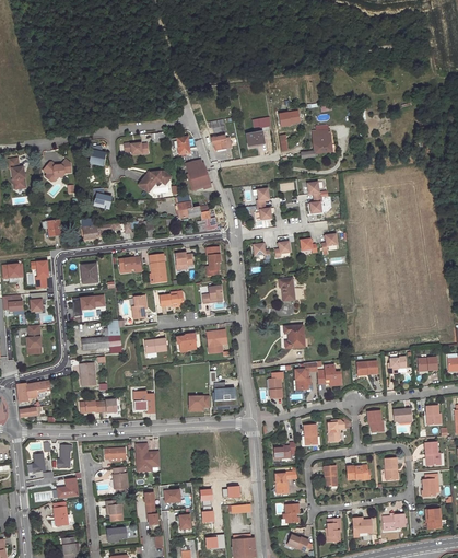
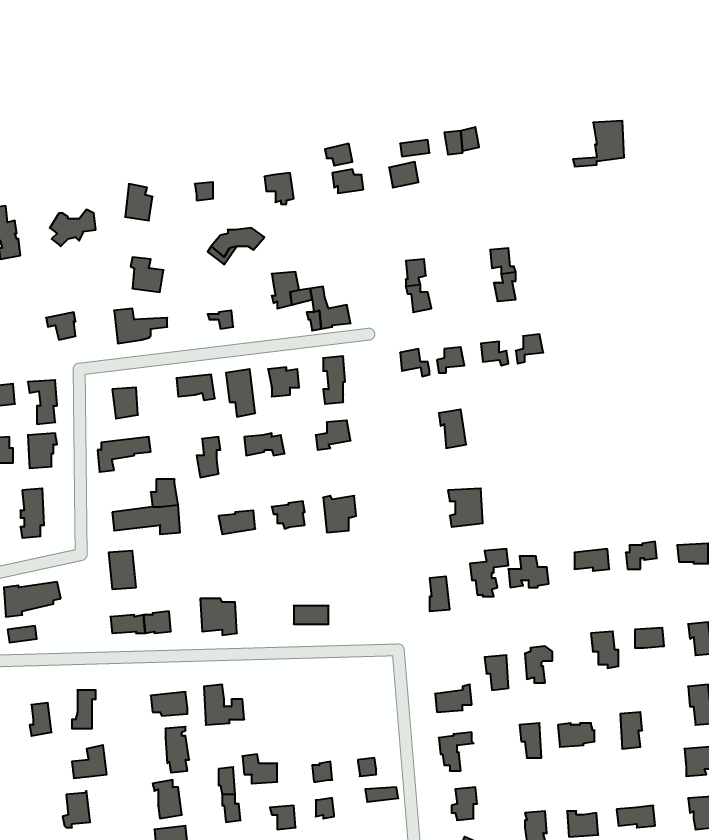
building: [301,129,331,156] -> [573,121,624,167]
building: [186,159,211,188] -> none
building: [213,381,238,406] -> none

